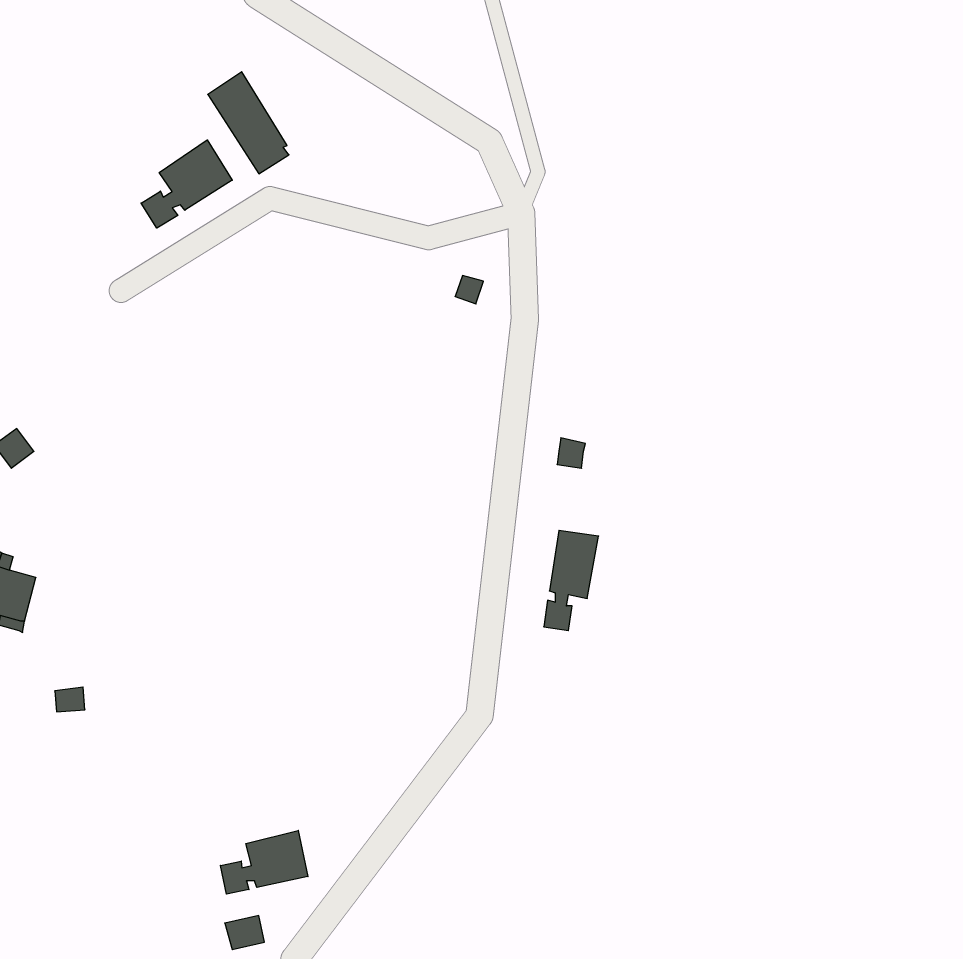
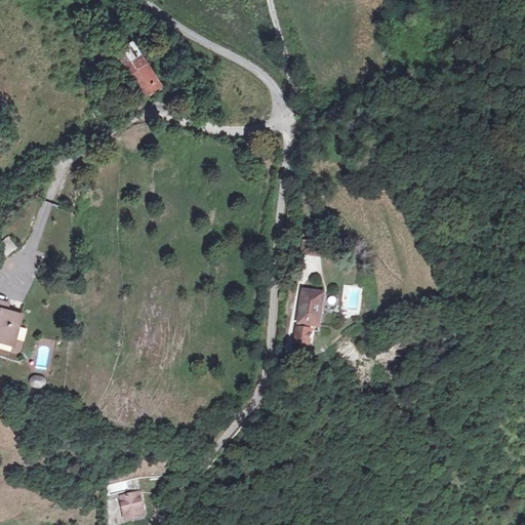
building: [141,140,232,228] -> none
building: [220,830,308,894] -> none

